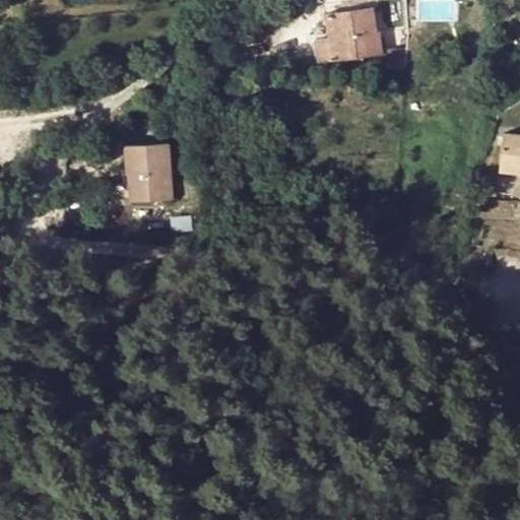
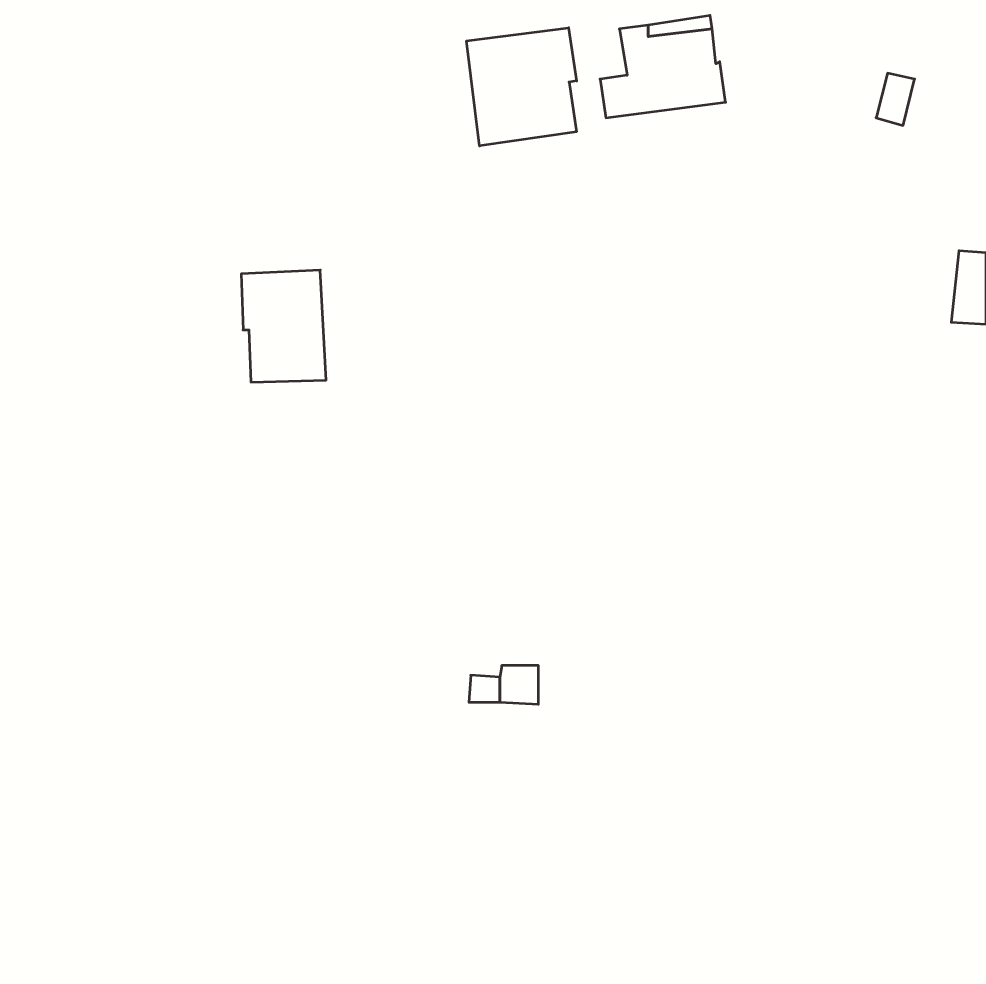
building: none -> [467,28,577,146]

